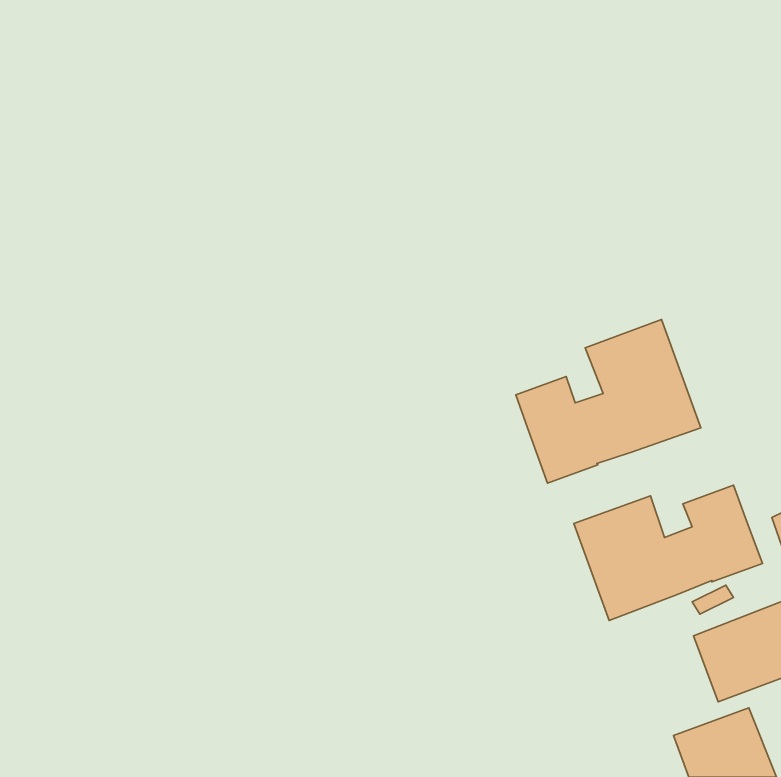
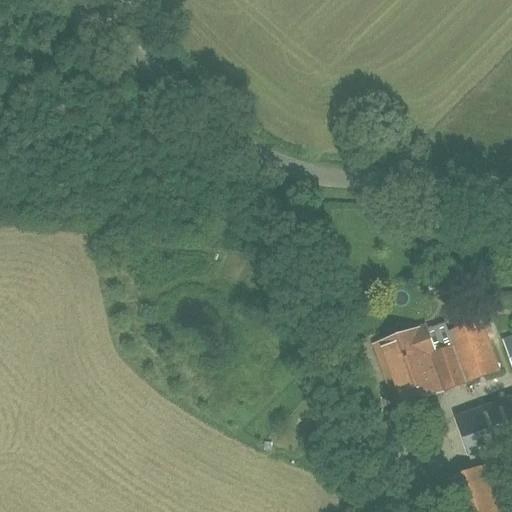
building: [516,319,701,483] -> none

